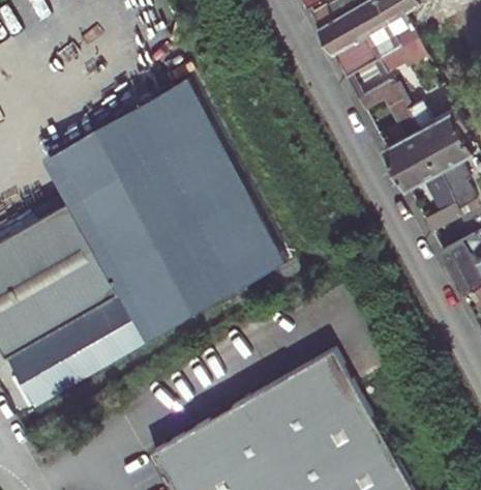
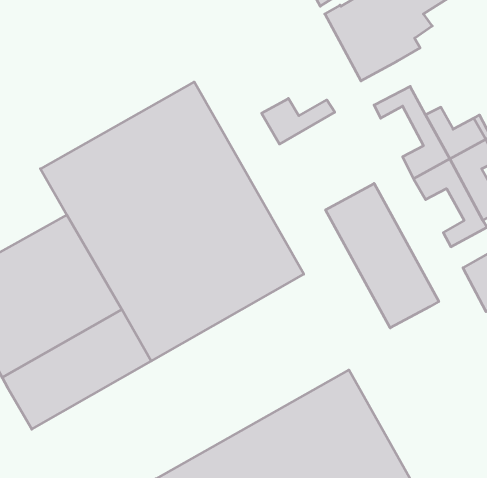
building: [379,26,427,74] -> none
building: none -> [262,98,335,144]
building: none -> [326,183,439,328]

